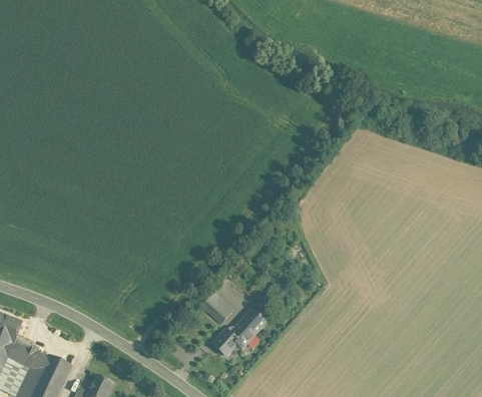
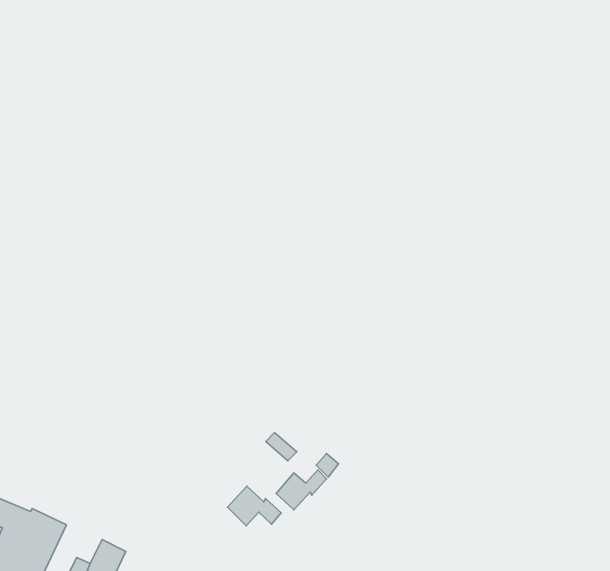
building: none -> [227,486,281,526]

